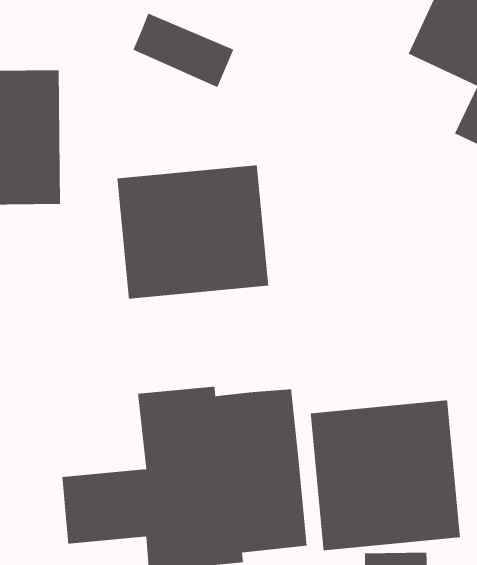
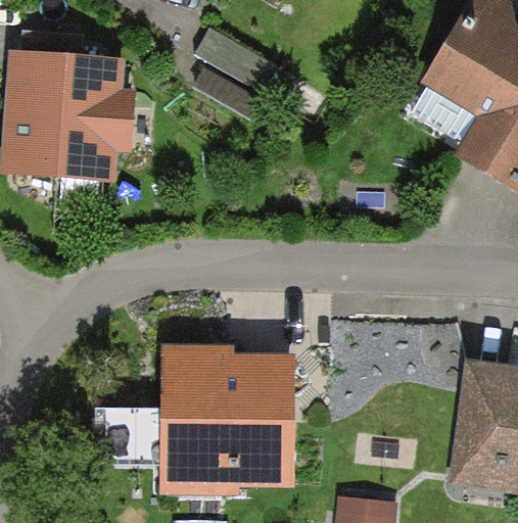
building: [117,164,269,300] -> none
building: [310,400,461,551] -> none

